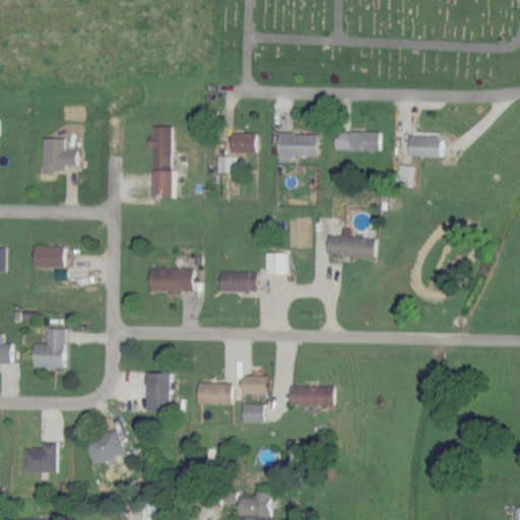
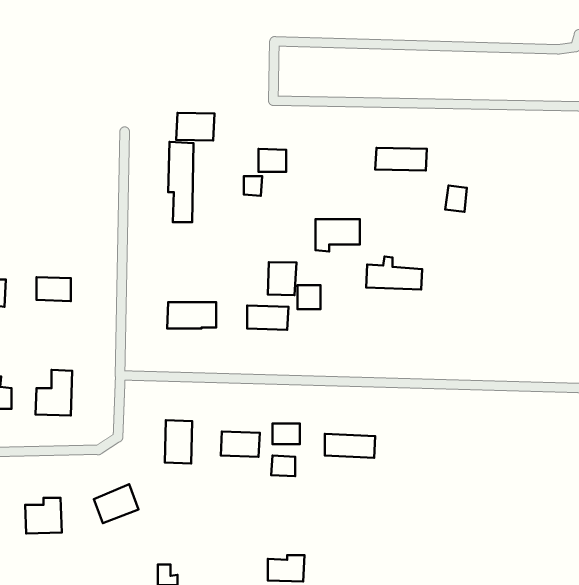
building: none -> [176,113,214,140]
building: [408,132,441,157] -> none
building: [276,134,316,162] -> [315,219,360,251]
building: [41,138,75,173] -> none
building: none -> [268,262,297,295]

